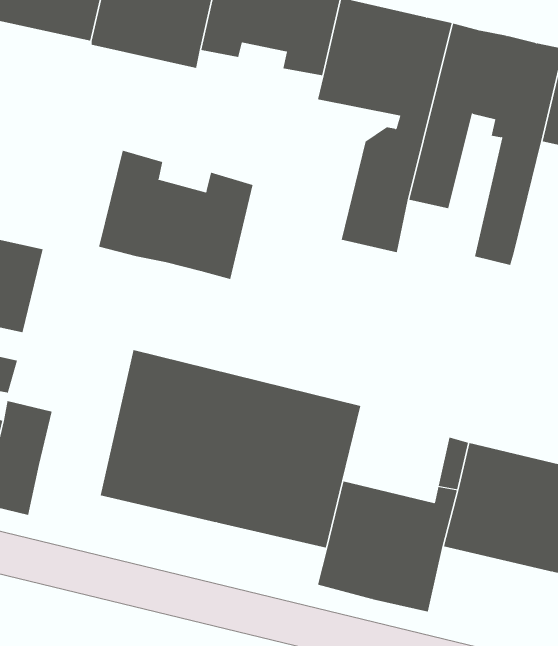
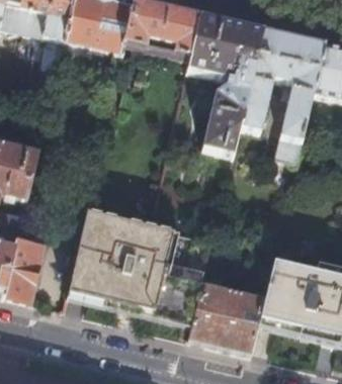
building: [99,150,253,280] -> none

